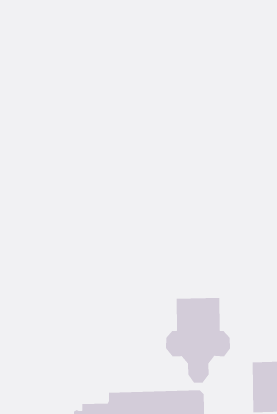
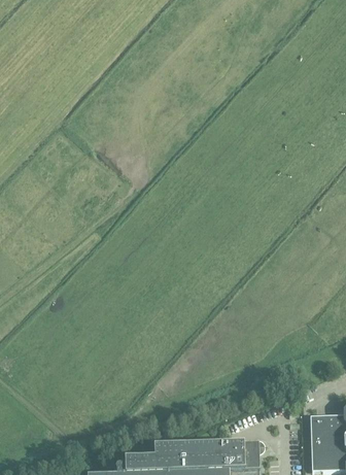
building: [165,297,231,383] -> none

